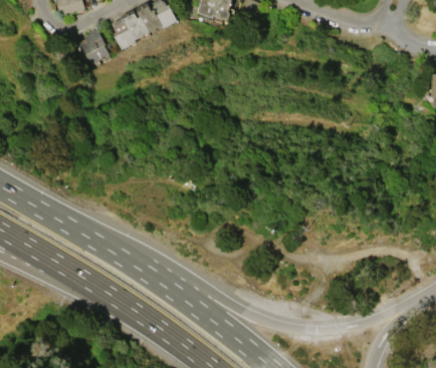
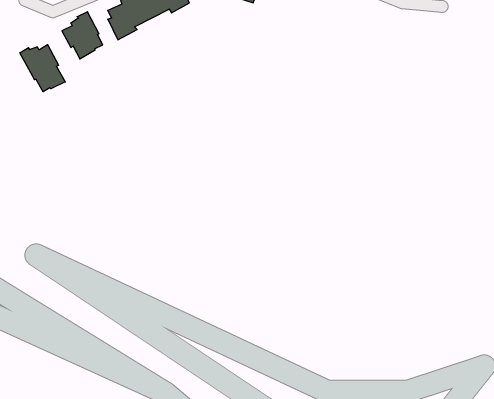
building: none -> [20,45,65,92]

